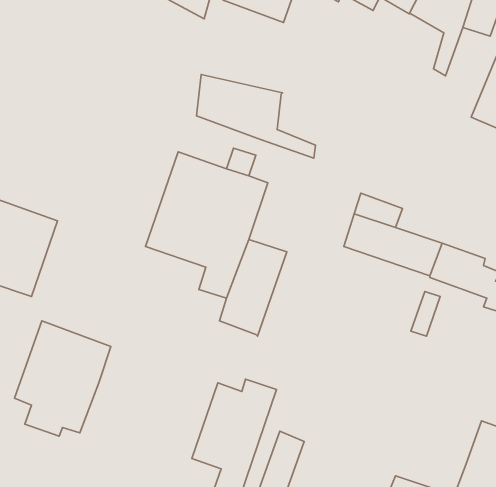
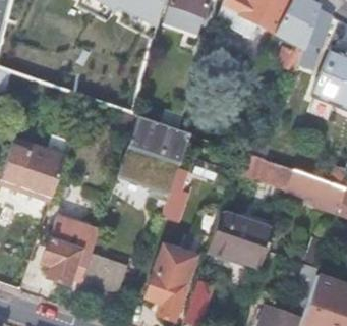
building: [197,74,316,158] -> none
building: none -> [208,208,273,268]
building: none -> [78,251,128,288]

